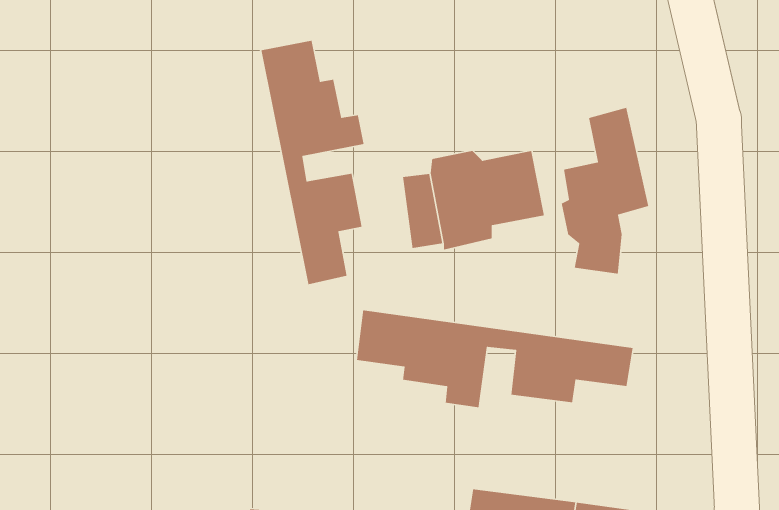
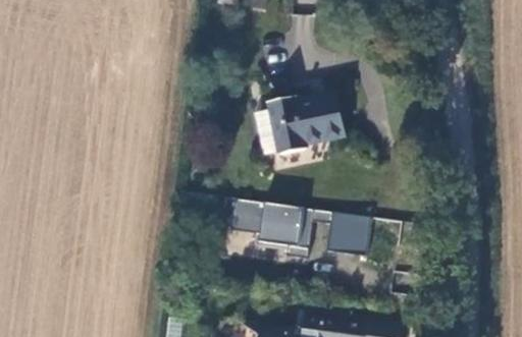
building: [261,40,365,285] -> none
building: [561,107,649,275] -> none

